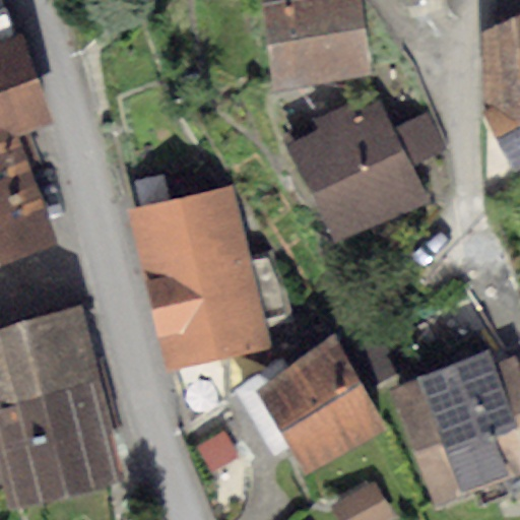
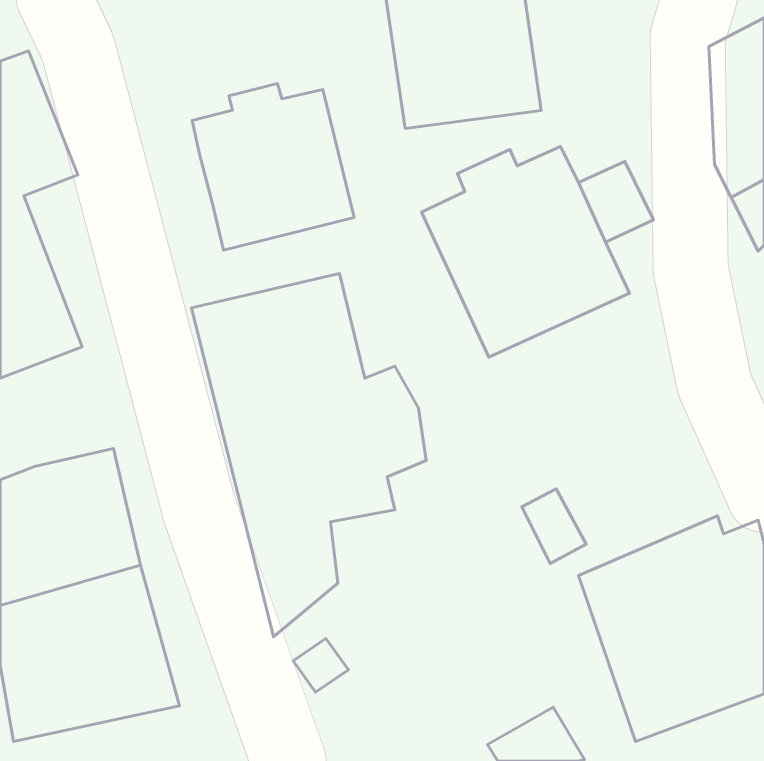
building: none -> [192,84,354,250]
building: [258,331,389,472] -> none

